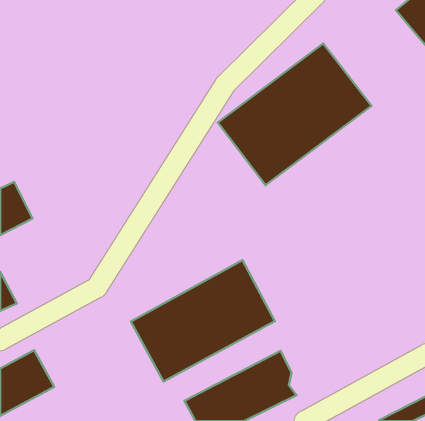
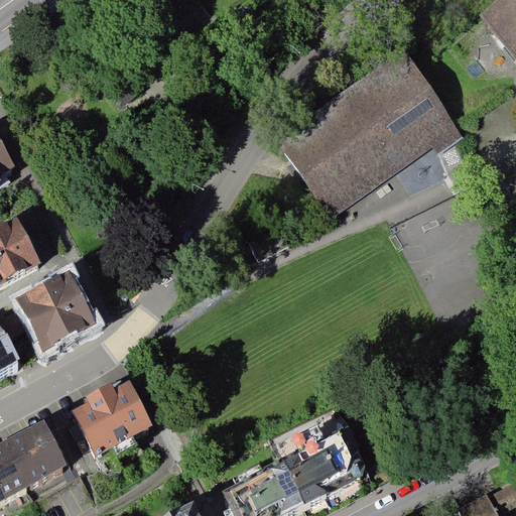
building: none -> [18,272,101,354]
building: [131,260,275,382] -> none
building: none -> [72,378,151,454]

